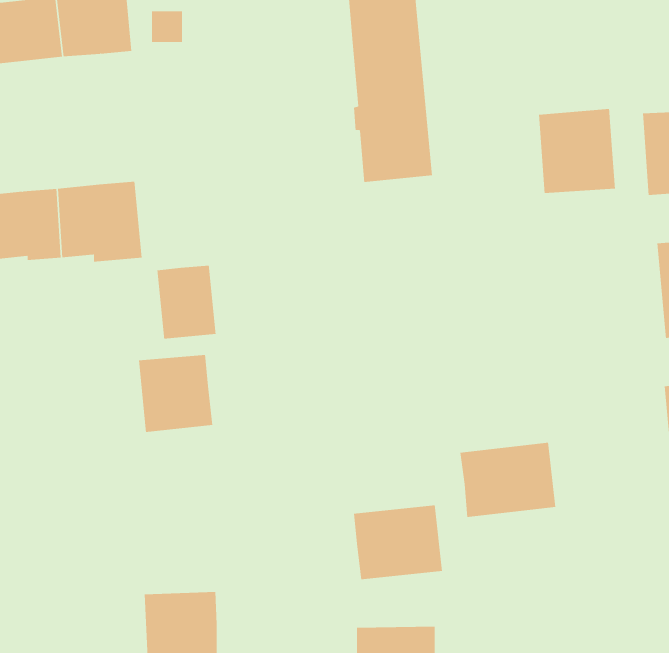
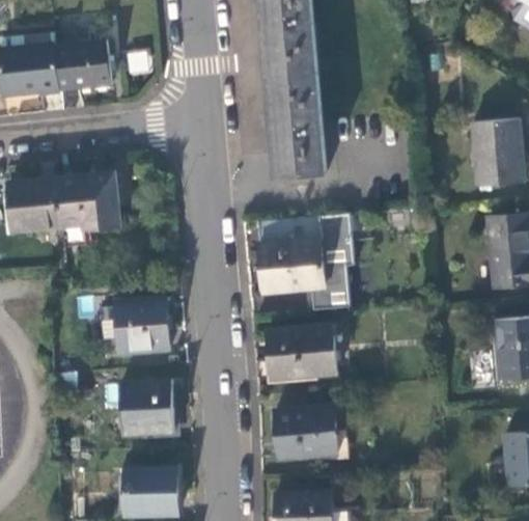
building: [539,108,615,194] -> none
building: none -> [253,214,355,312]
building: [157,265,216,340] -> none
building: [459,442,556,517] -> [263,328,333,382]
building: none -> [119,382,172,434]

